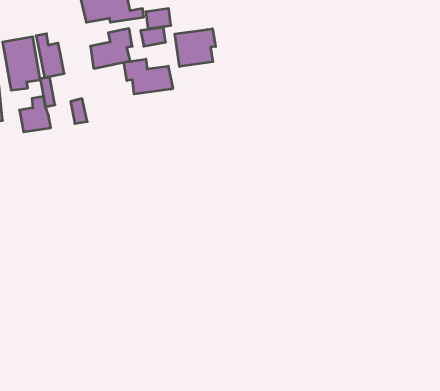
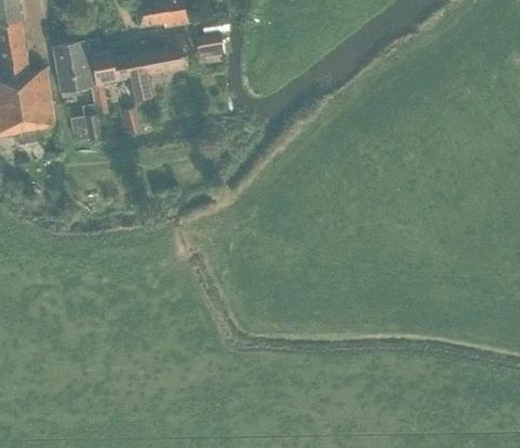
building: [175,29,216,67] -> none
building: none -> [112,52,150,88]
building: [124,59,173,94] -> none

